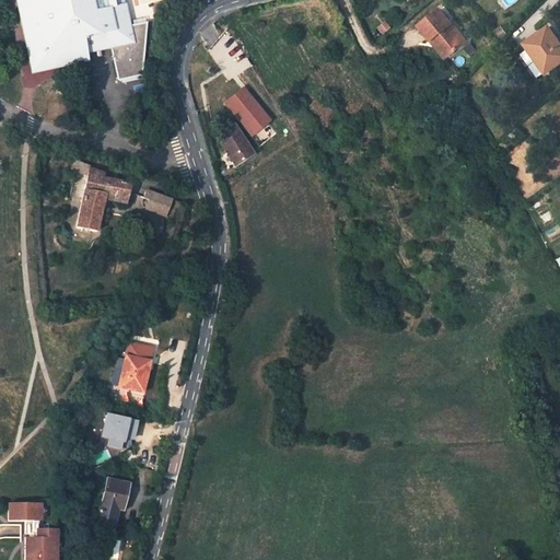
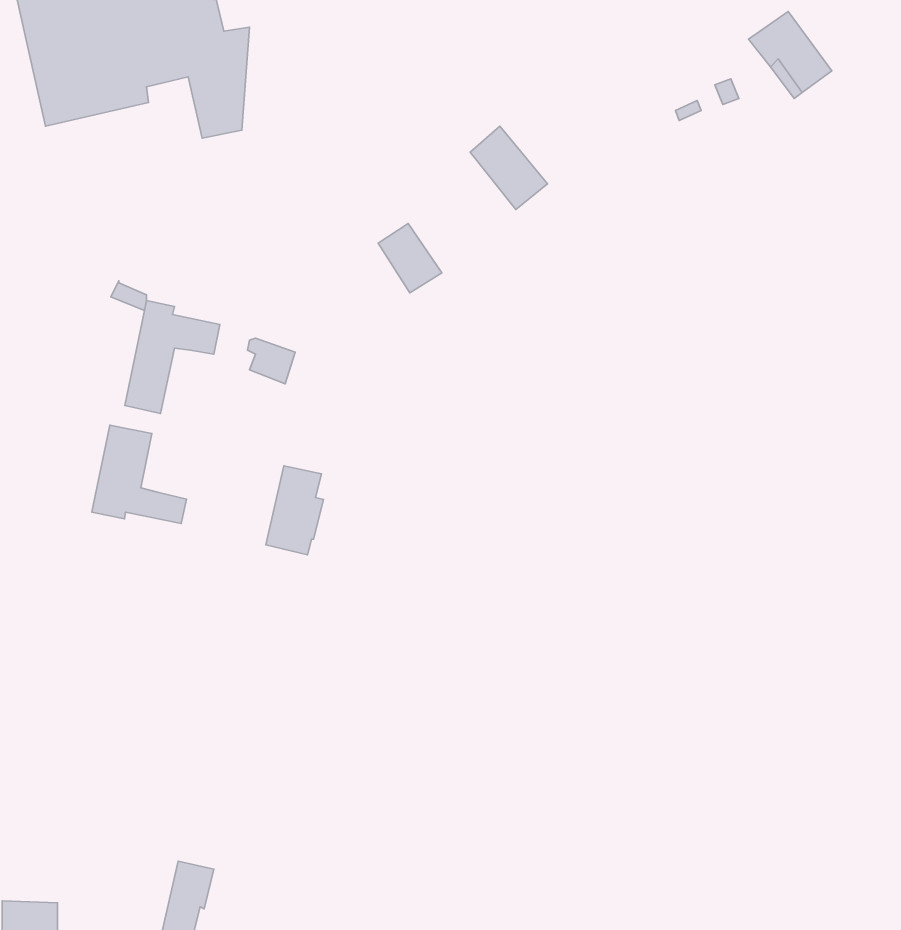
building: [228,89,270,135] -> [470,126,547,210]
building: none -> [92,425,186,524]
building: [119,343,151,393] -> [266,466,323,555]
building: [100,412,140,453] -> none

